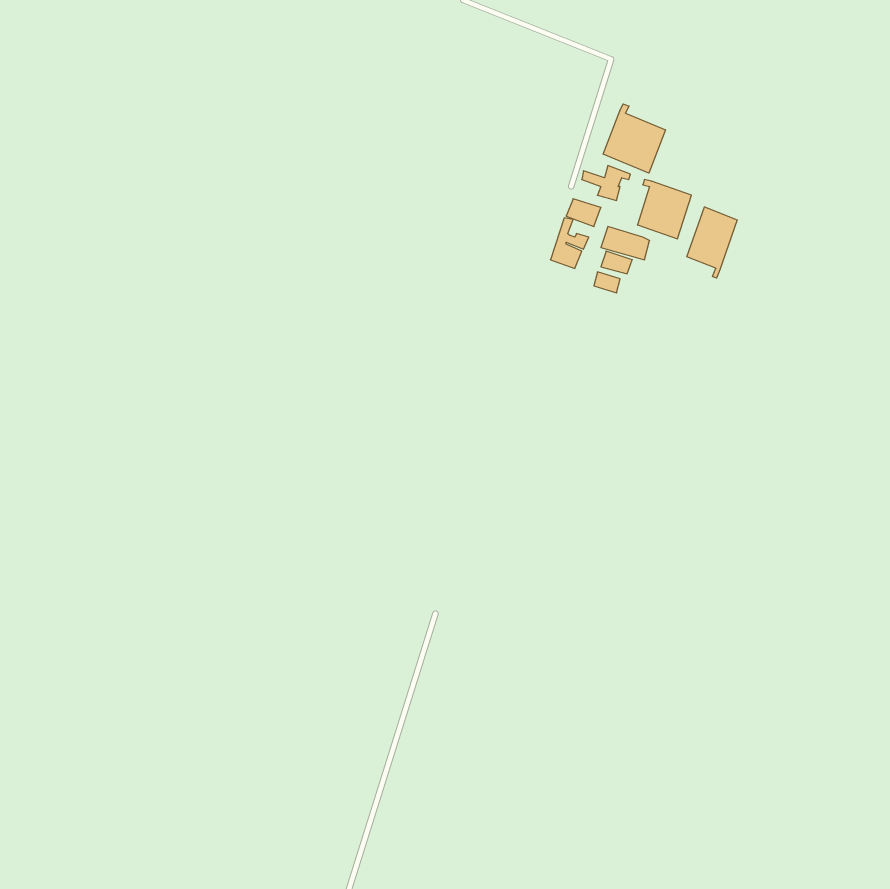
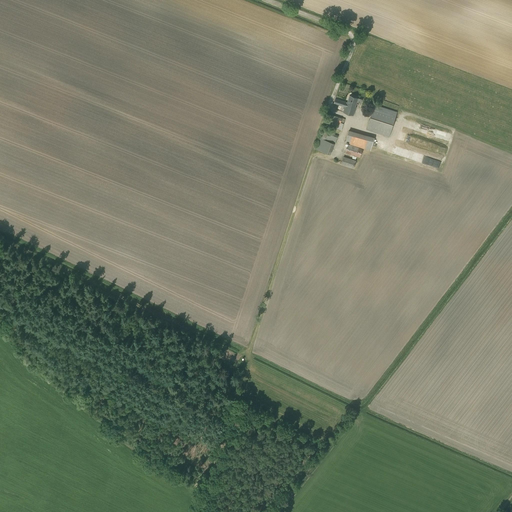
building: [603,104,665,173] -> none
building: [687,207,737,278] -> none

